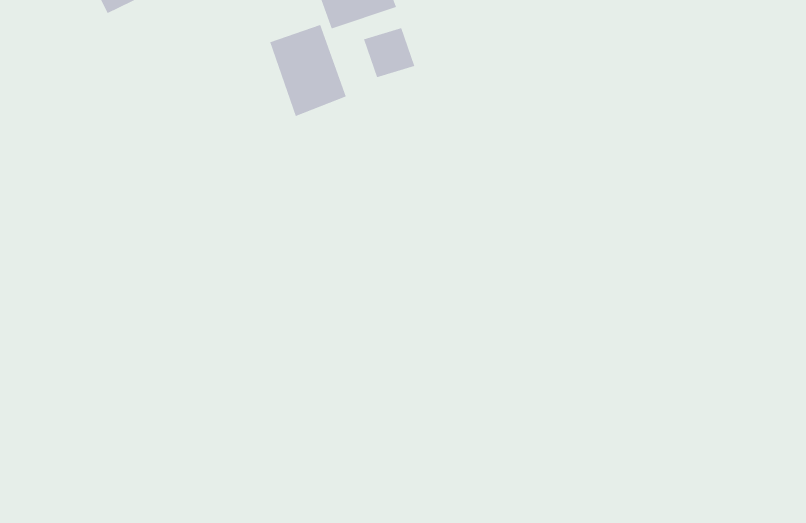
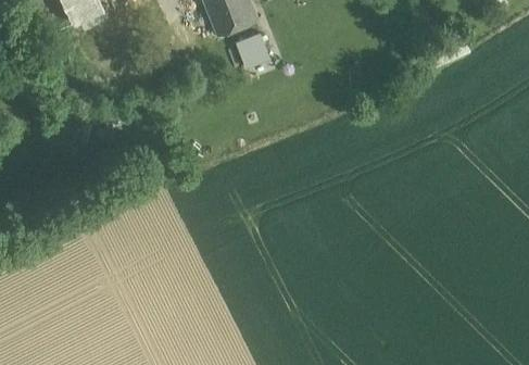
building: [270,24,346,117] -> none

